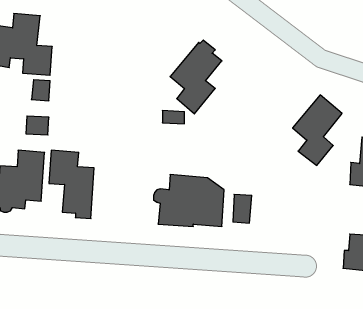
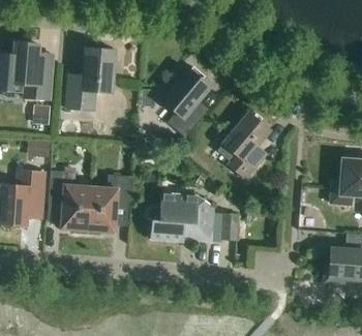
building: none -> [65,47,115,110]
building: [293,95,342,165] -> [222,112,269,178]
building: none -> [87,174,132,235]

